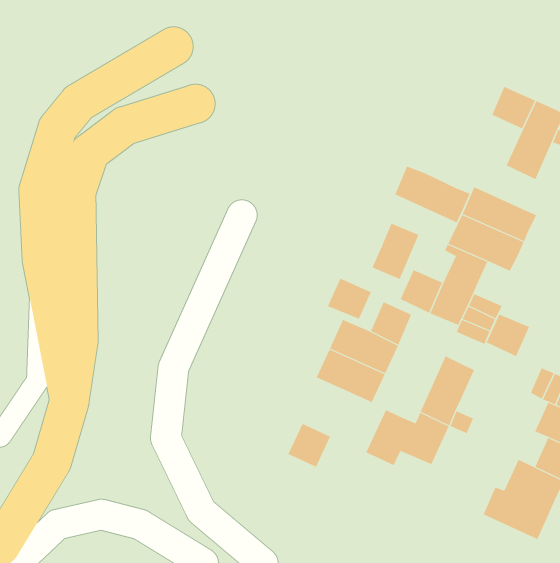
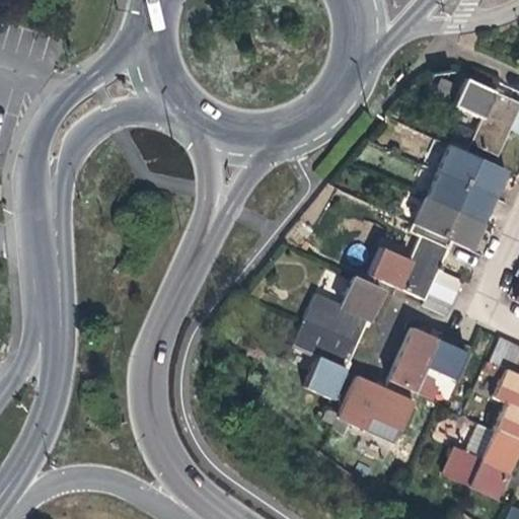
building: [394,166,471,223] -> [439,145,509,198]
building: [372,223,419,280] -> none
building: [327,278,372,320] -> none
building: [486,314,530,357] -> [428,340,468,379]
building: [288,423,331,467] -> [306,358,346,398]

